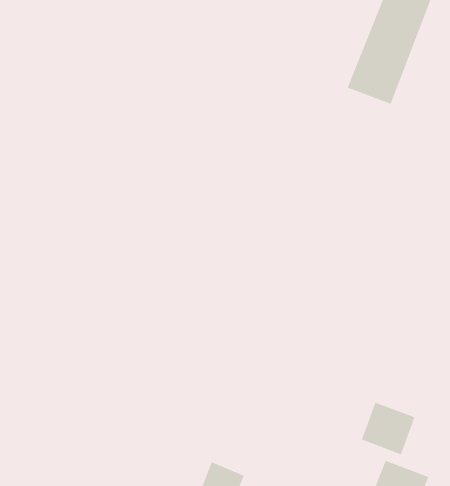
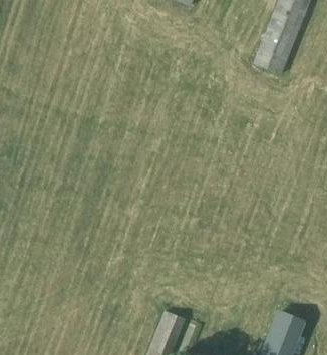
building: [361,402,415,455] -> none

